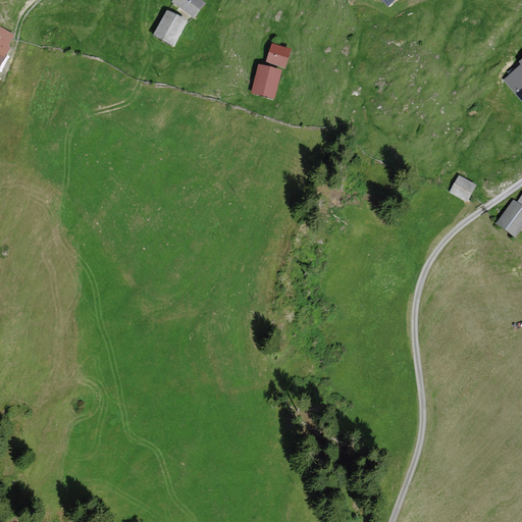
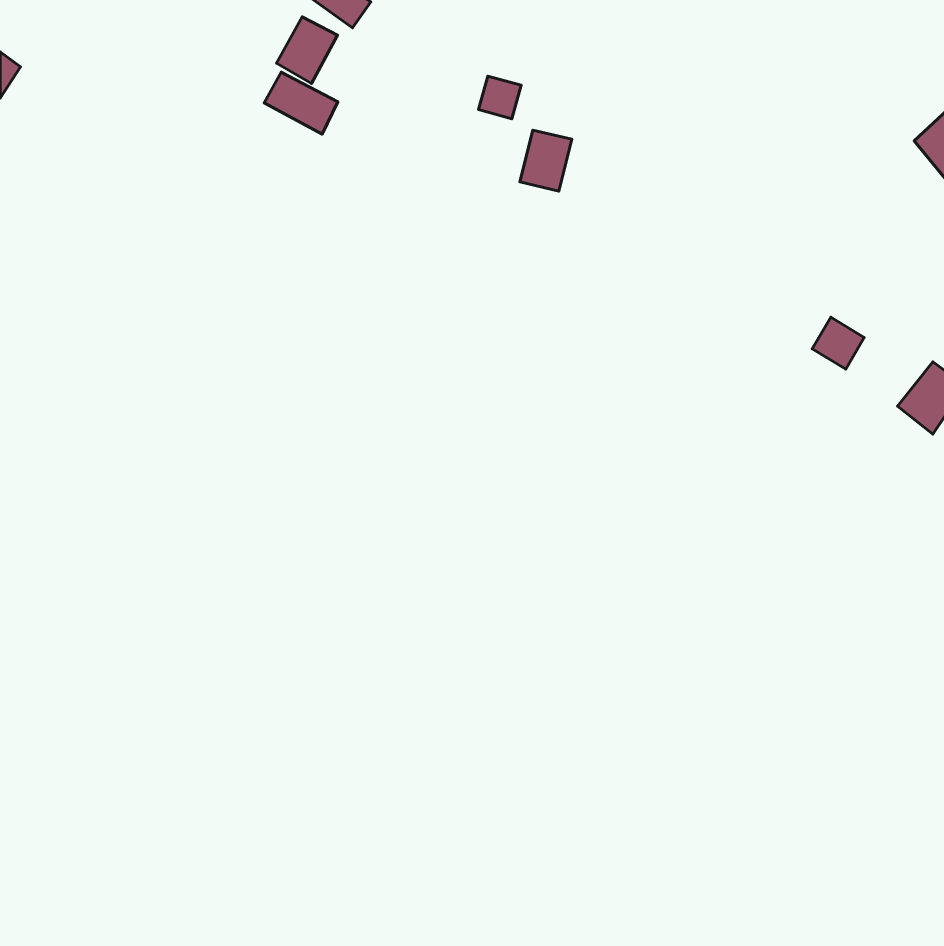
building: none -> [264,72,338,134]
building: [250,63,278,97] -> [520,130,572,191]

